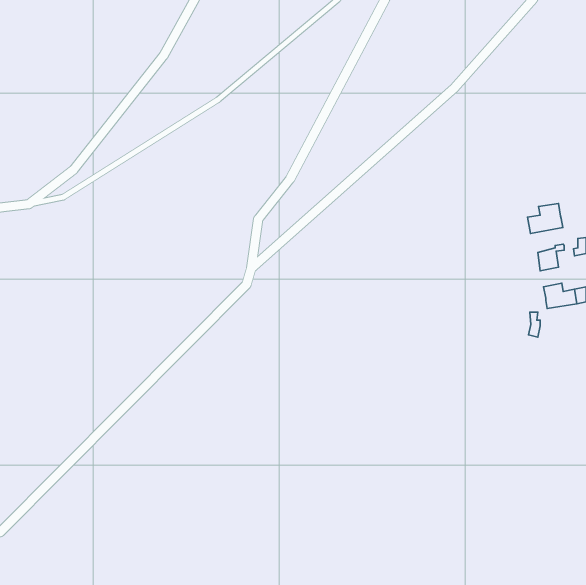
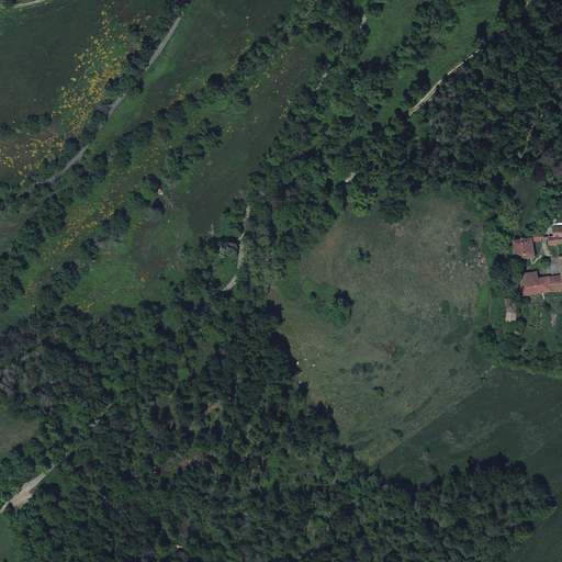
building: [527,203,563,233] -> none

